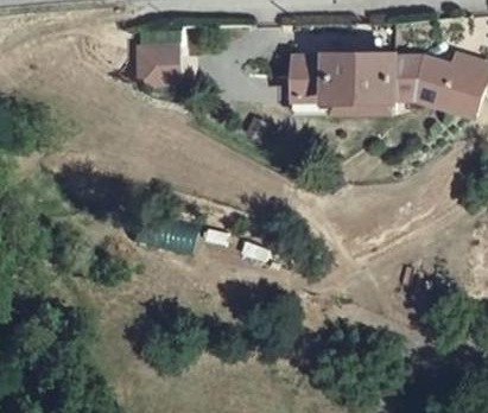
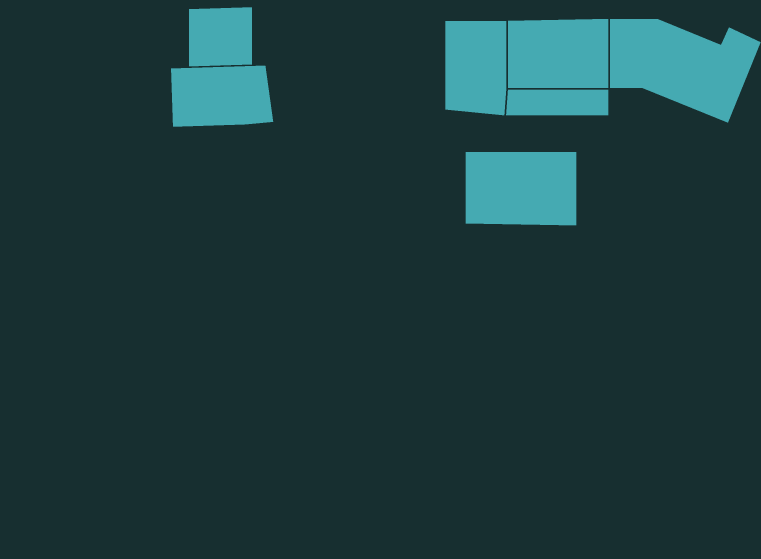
building: none -> [170,65,274,128]
building: none -> [465,151,577,226]

